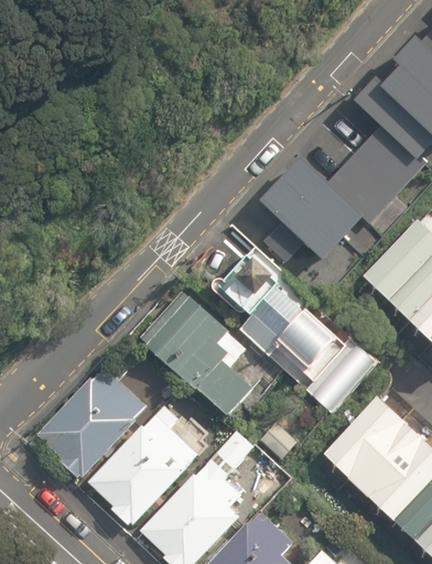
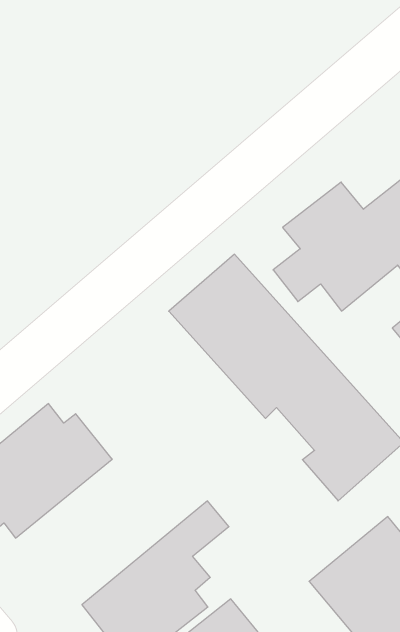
building: [136,286,274,419] -> none
building: [85,403,203,528] -> none

